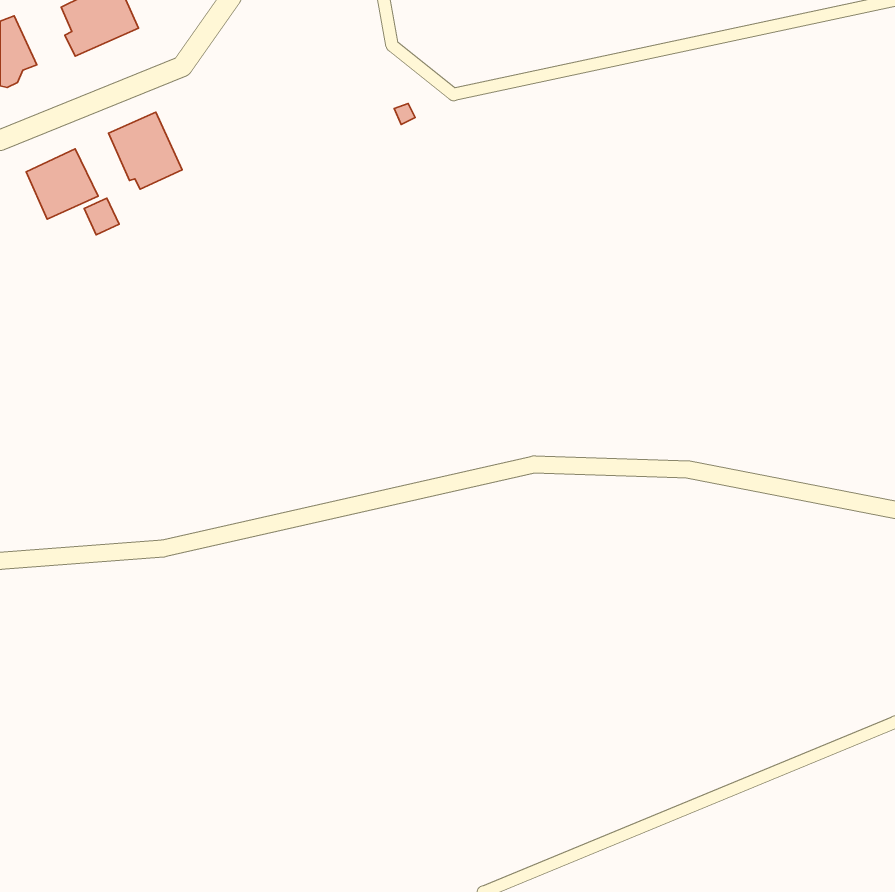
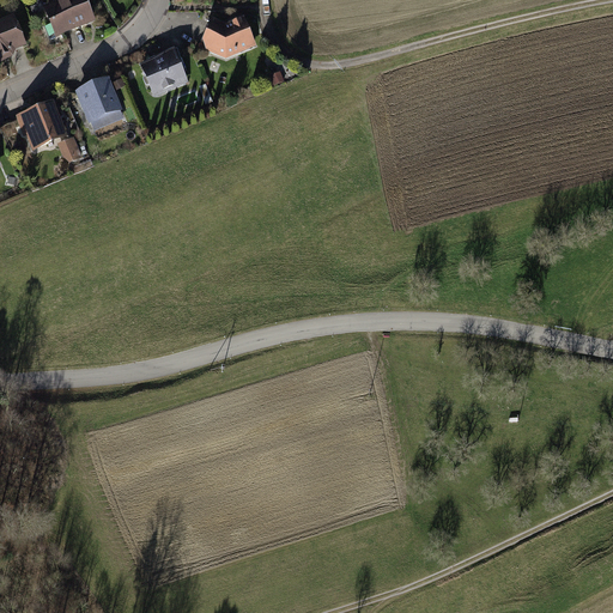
building: none -> [201,14,255,55]
building: none -> [139,47,189,97]

